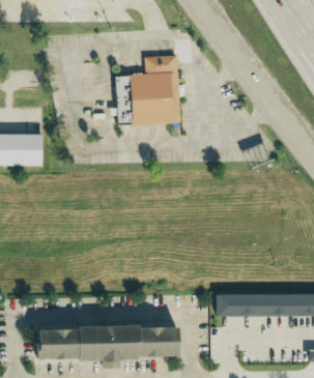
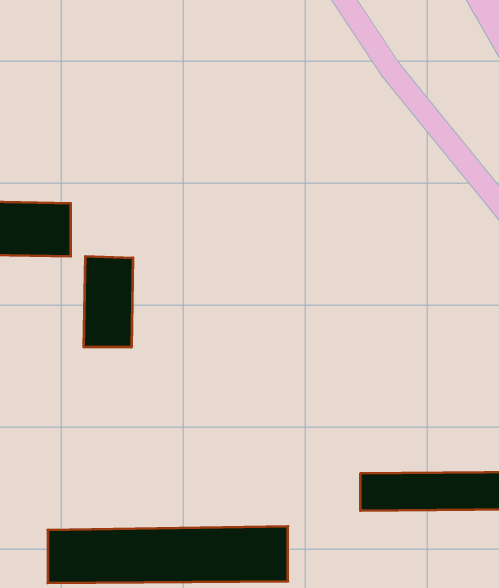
building: [115,55,182,125] -> none
building: none -> [84,256,133,347]

